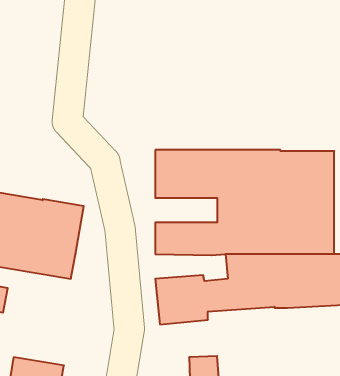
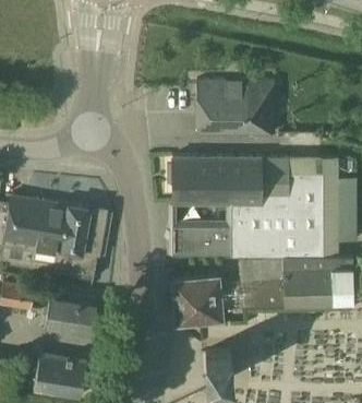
building: none -> [198,80,277,133]
building: none -> [46,291,98,335]

